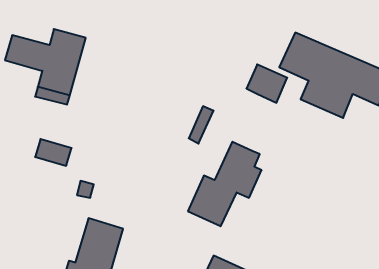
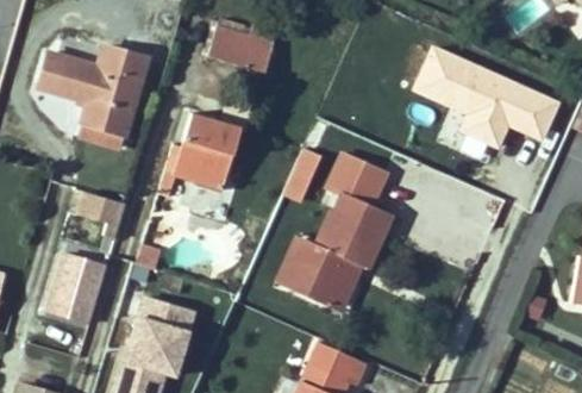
building: none -> [209,17,279,73]
building: [246,64,287,103] -> [330,155,384,206]
building: none -> [174,112,242,189]
building: none -> [44,251,109,325]

